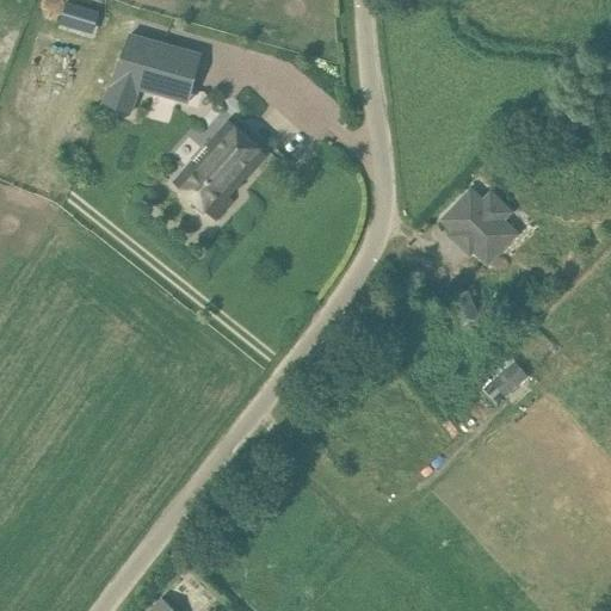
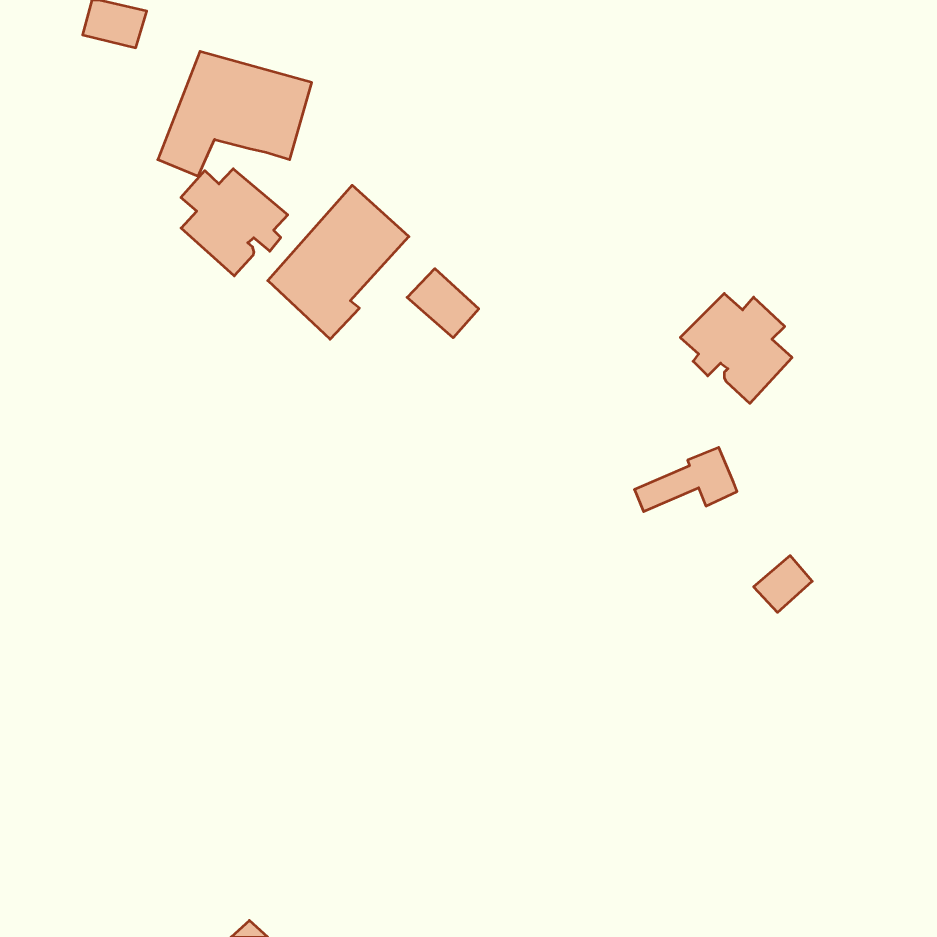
building: none -> [181,169,288,276]
building: none -> [407,269,479,338]

